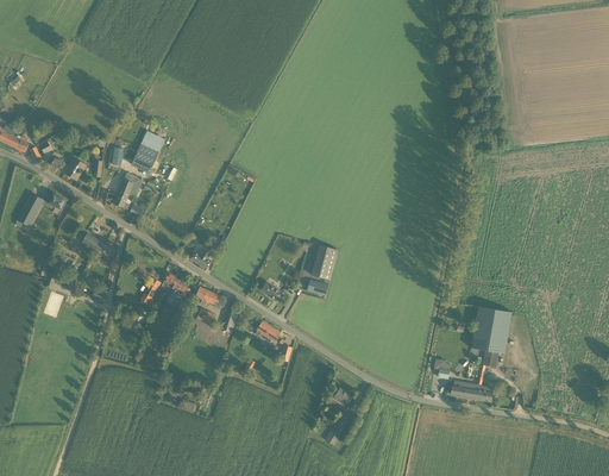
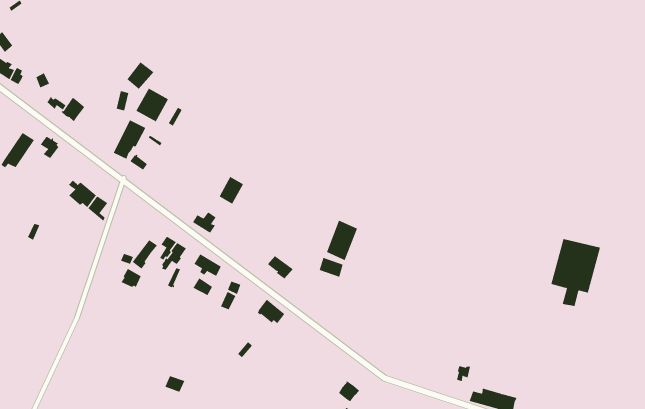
building: [470,305,511,364] -> [550,238,601,307]

